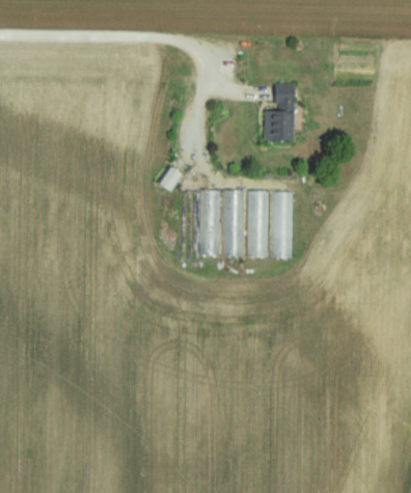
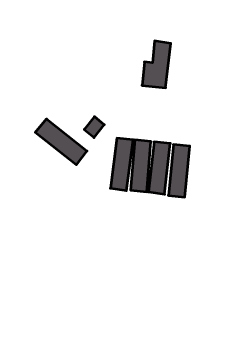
building: [264,83,295,141] -> [142,41,171,88]
building: none -> [35,119,87,165]

